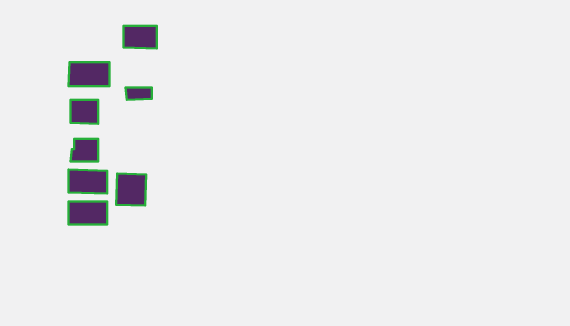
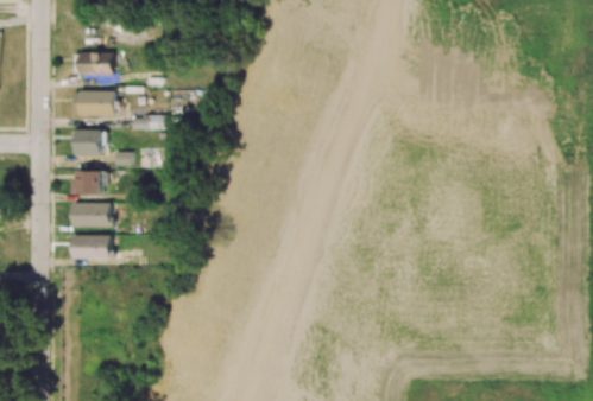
building: [124,26,157,49] -> [78,52,113,76]
building: [116,174,146,206] -> none

